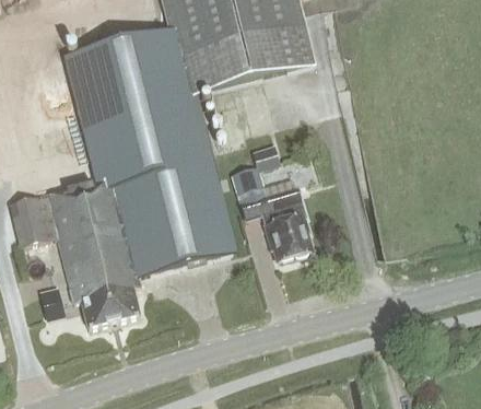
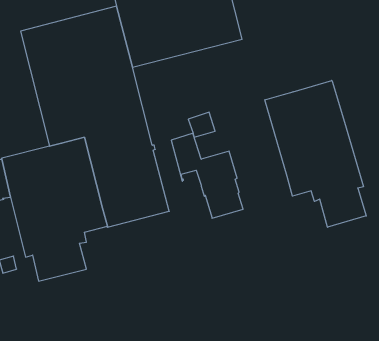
building: none -> [265,80,366,227]

